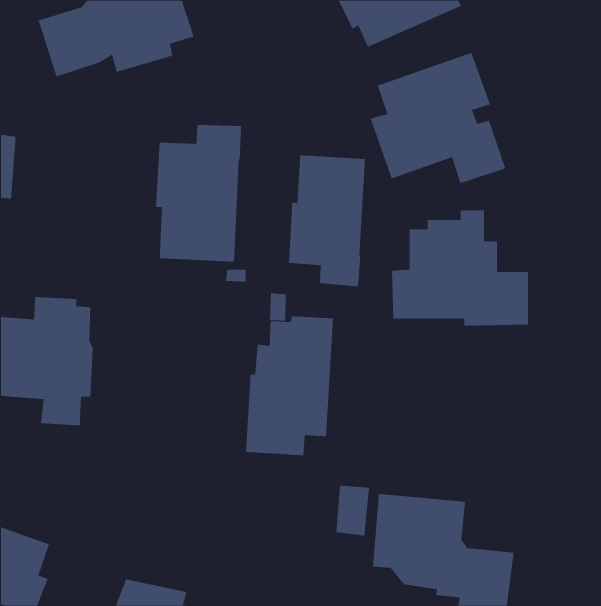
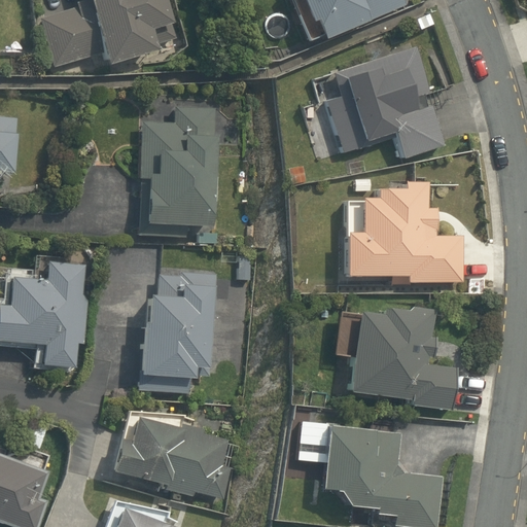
building: [288,154,366,287] -> none
building: [245,316,334,456] -> [138,272,215,393]
building: none -> [347,306,457,412]
building: none -> [109,413,230,500]

